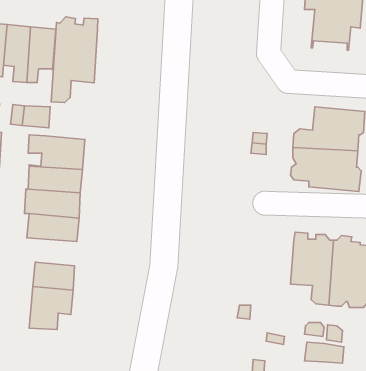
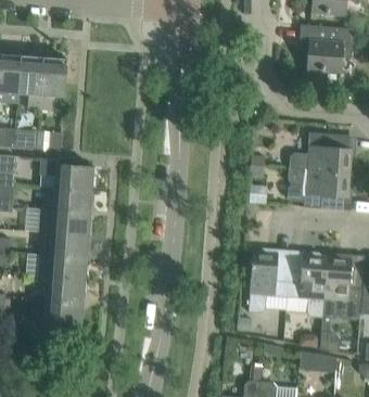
building: [51,17,98,102] -> none
building: none -> [249,247,290,312]
building: none -> [39,254,87,280]

